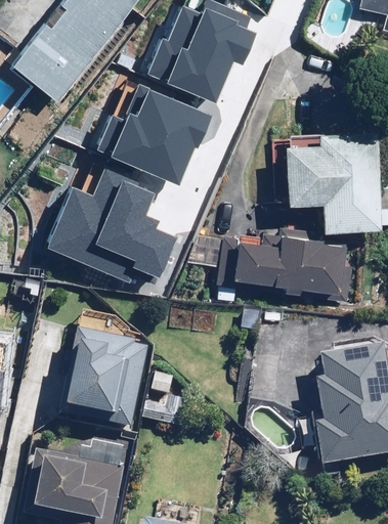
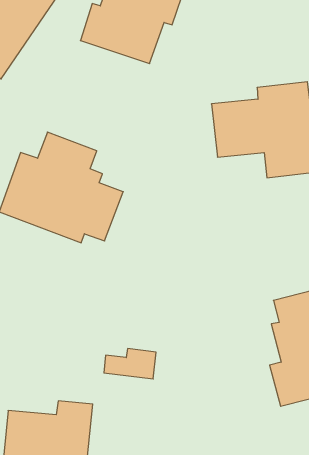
building: [95,77,208,180] -> none
building: [214,229,348,301] -> none
building: [58,328,145,427] -> none

